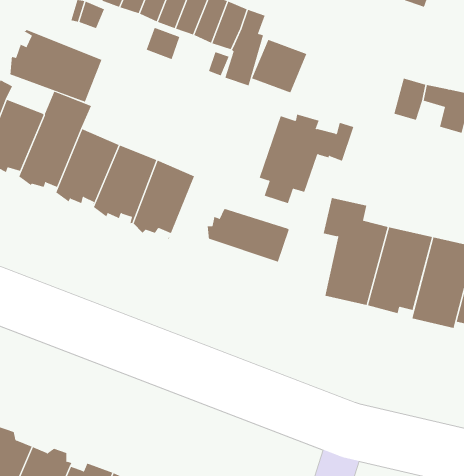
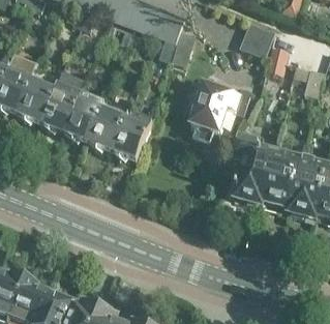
building: [10,29,102,102] -> none
building: [251,39,307,93] -> [241,21,276,55]
building: [207,206,290,262] -> none

